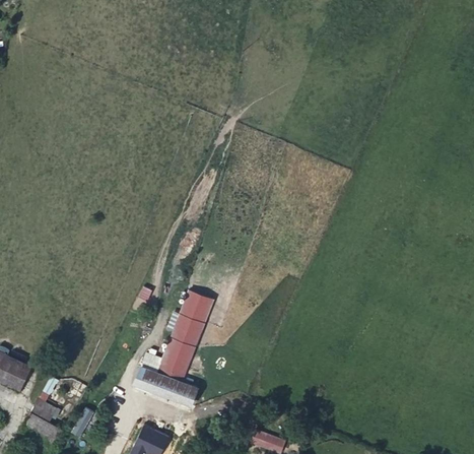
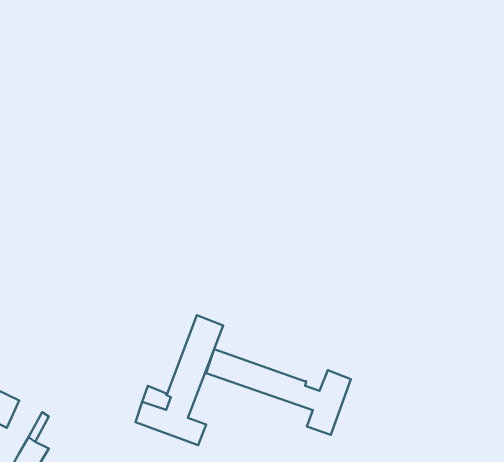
building: none -> [206,349,351,435]

